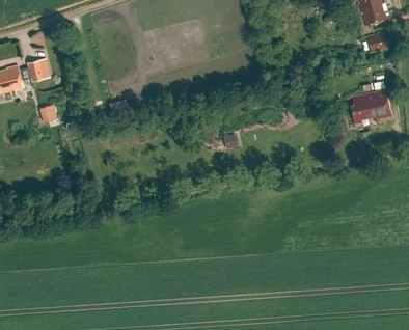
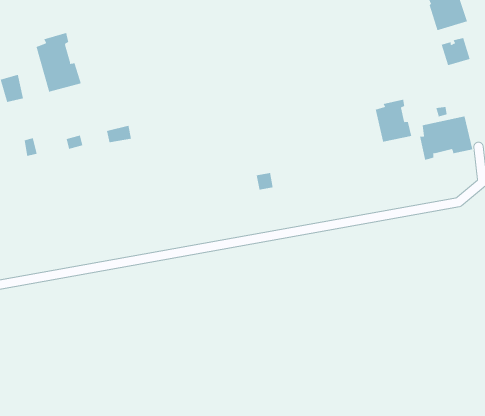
building: none -> [36,32,81,92]
building: none -> [375,99,412,142]

